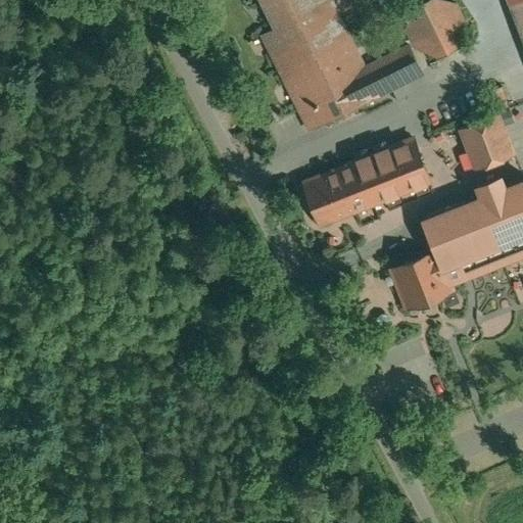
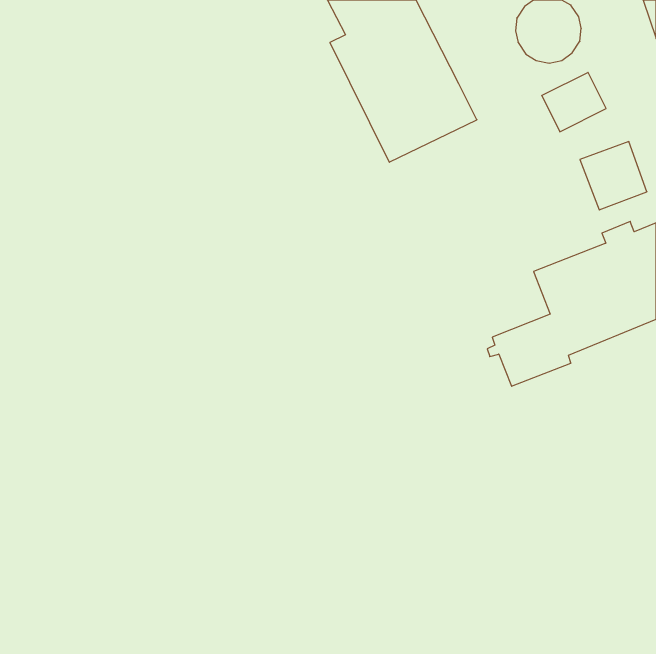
building: [364,51,415,98] -> [542,72,606,132]
building: [304,139,429,225] -> none

